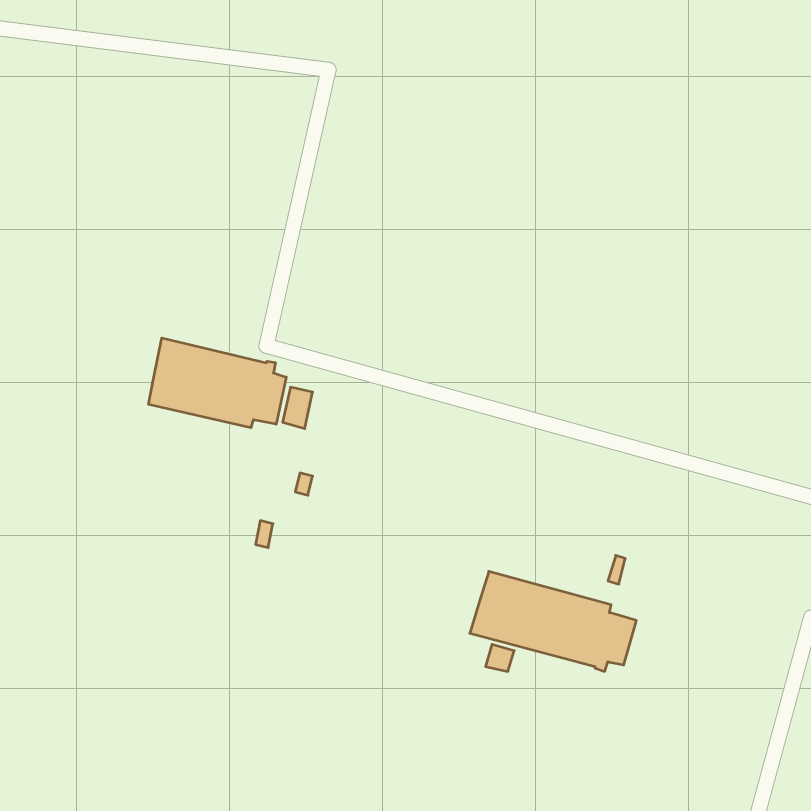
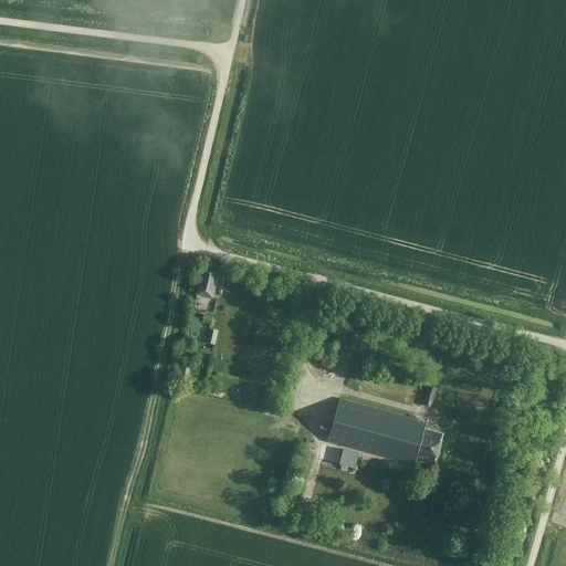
building: [149,338,286,428] -> none

